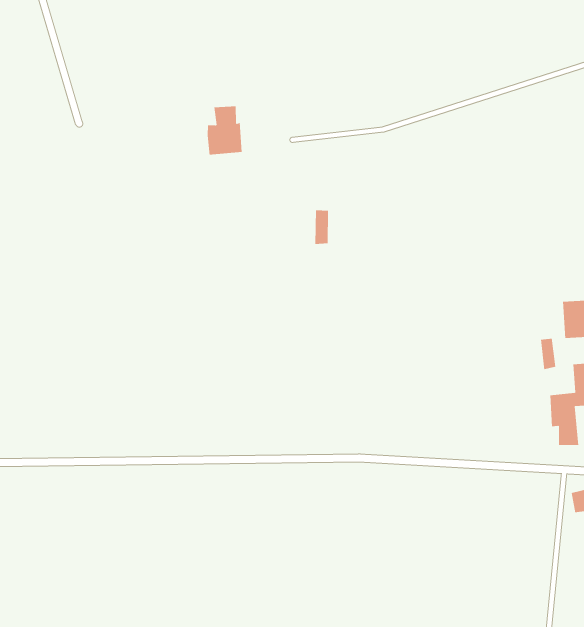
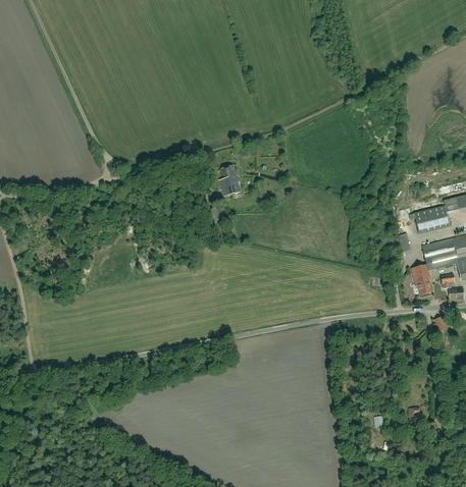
building: [207,106,242,155] -> [218,164,242,196]

